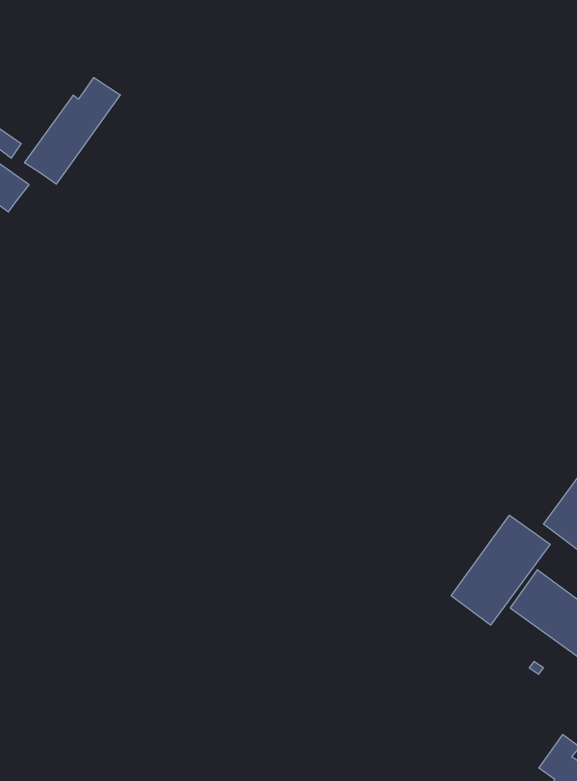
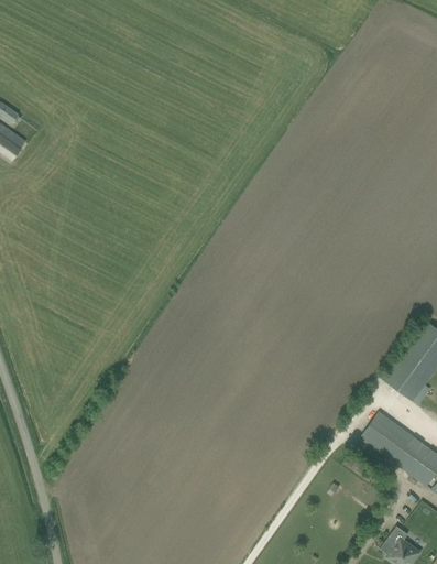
building: [25,78,120,184] -> none
building: [451,515,550,625] -> none

